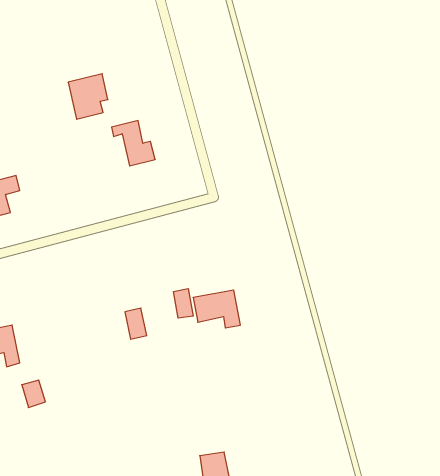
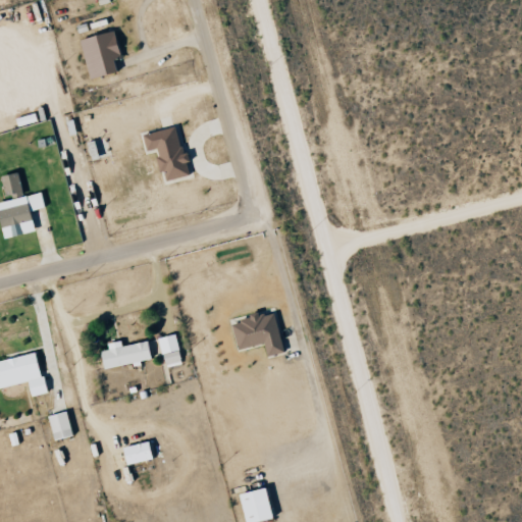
building: [68,74,108,119] -> [80,30,122,79]
building: [174,289,193,318] -> none
building: none -> [99,340,151,370]
building: none -> [122,442,151,463]

